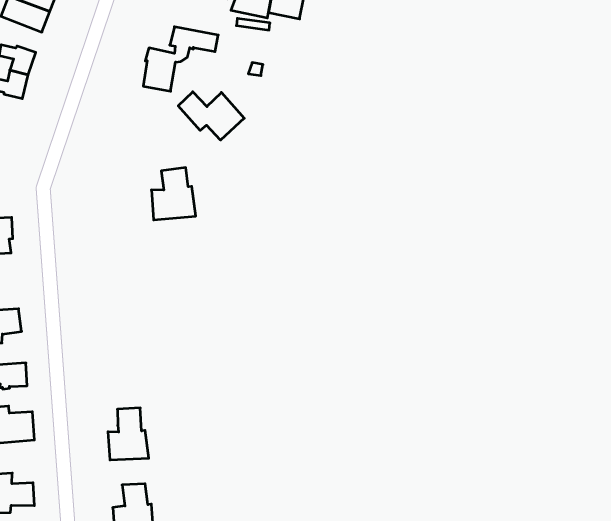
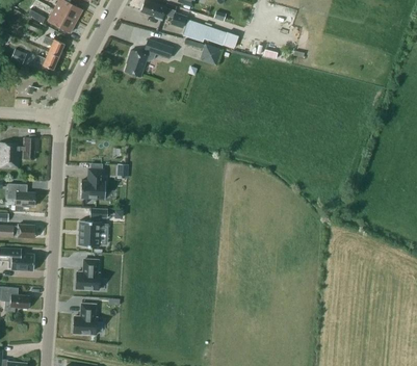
building: [178,92,244,140] -> none
building: [151,168,196,220] -> [80,169,105,199]
building: none -> [78,208,108,246]

